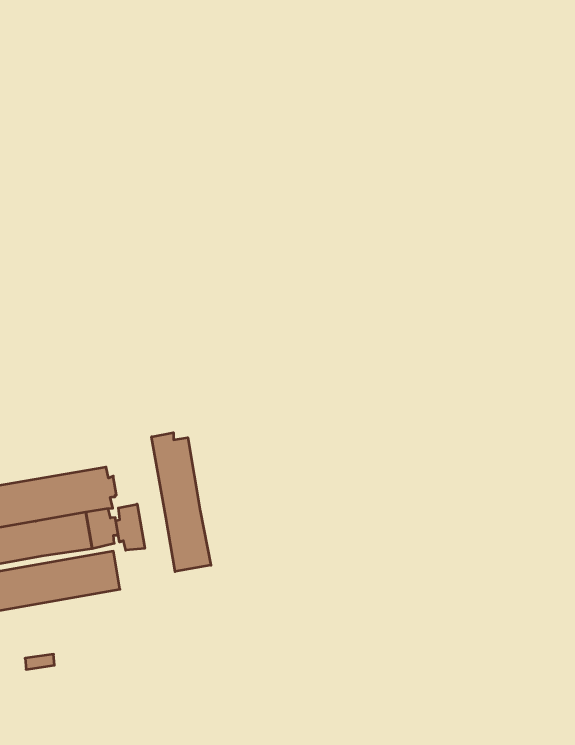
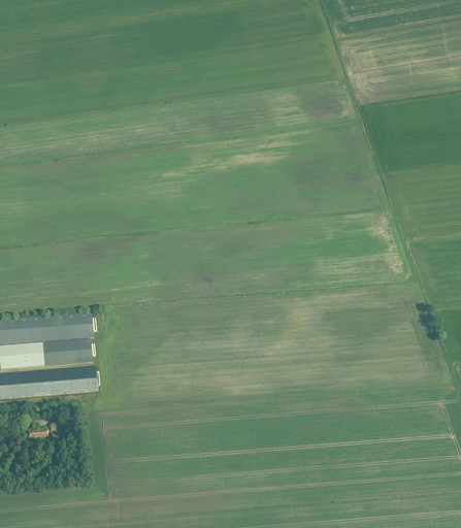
building: [152,433,211,572] -> none
building: [116,504,145,550] -> none

